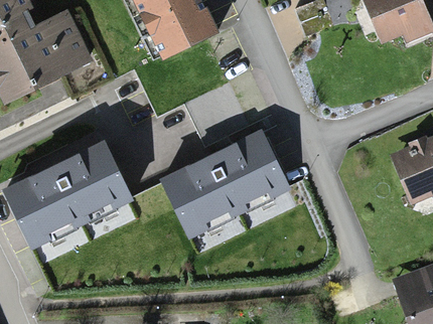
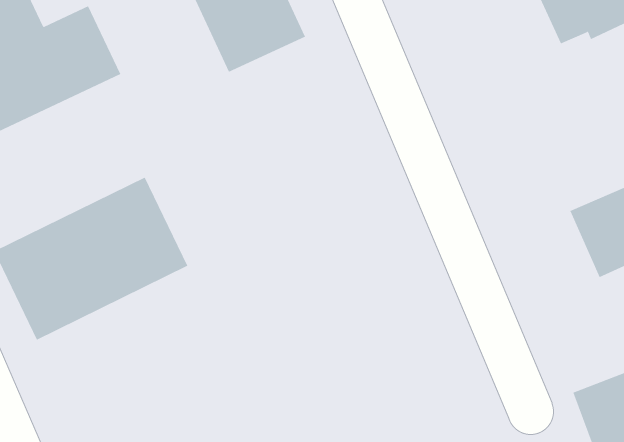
building: [160,124,290,232] -> none

